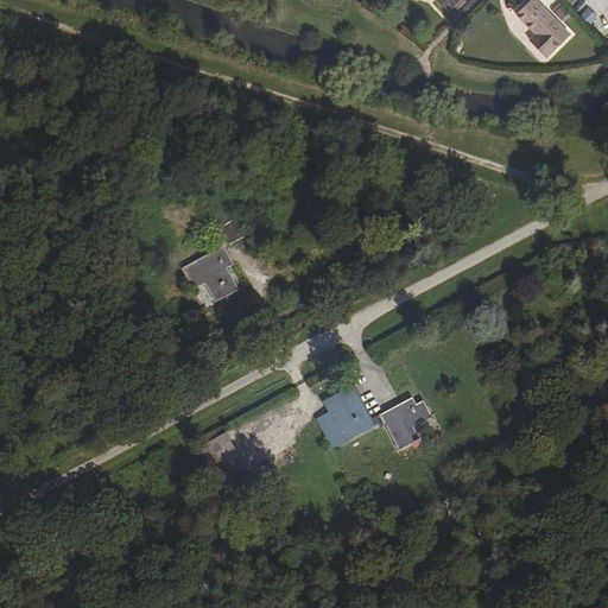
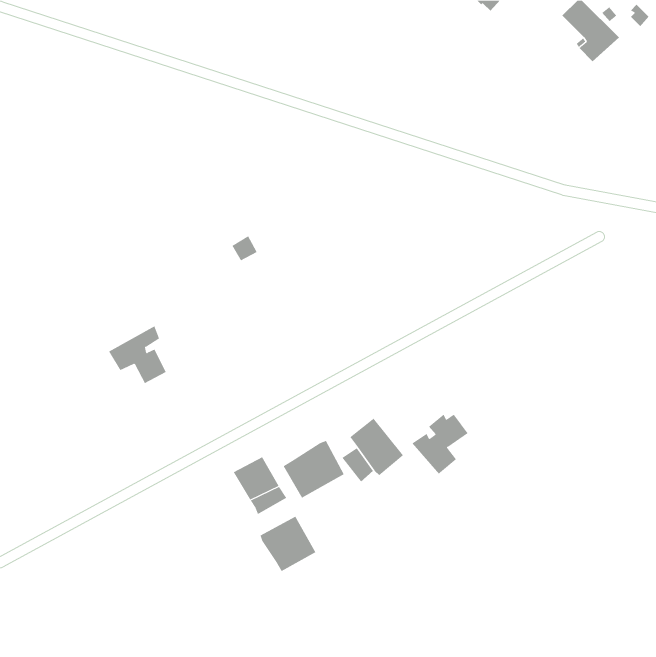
building: [177,247,230,300] -> [108,325,166,384]
building: none -> [283,440,344,499]
building: none -> [260,516,316,572]

